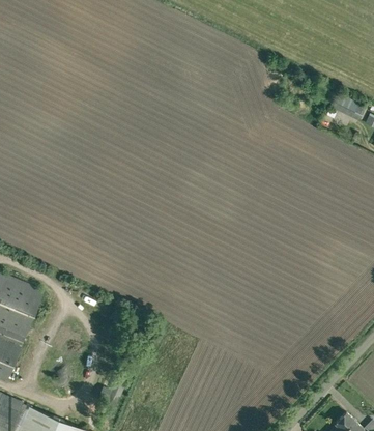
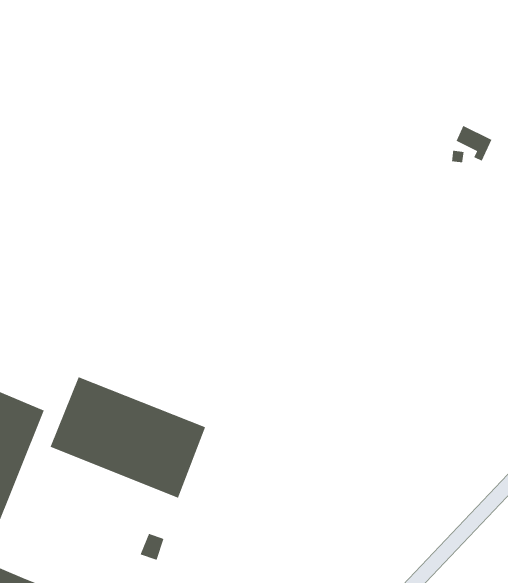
building: none -> [50,376,206,499]

